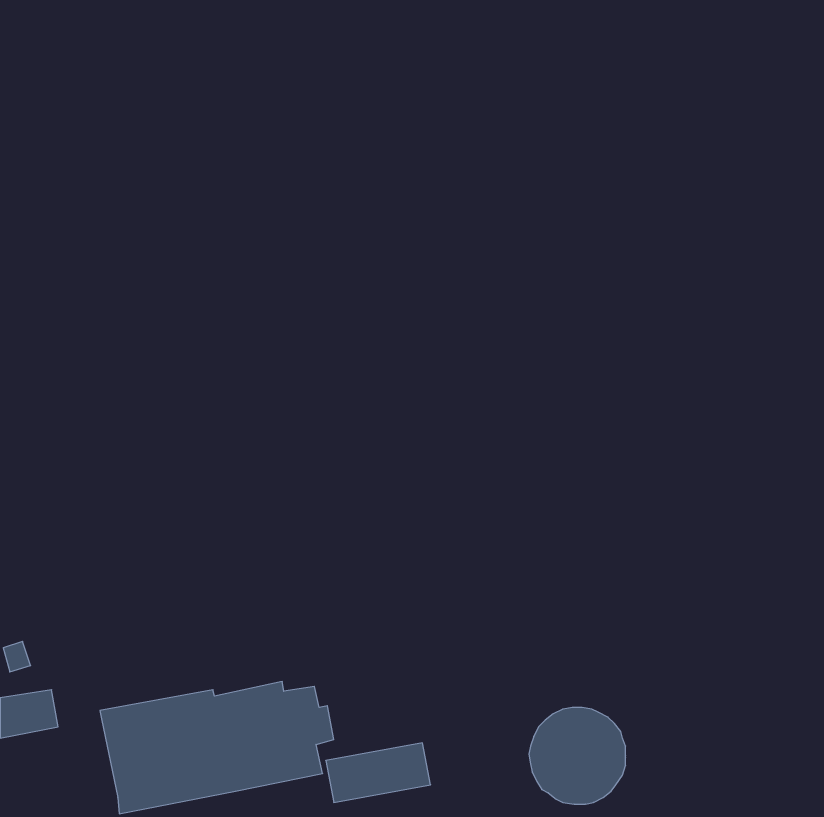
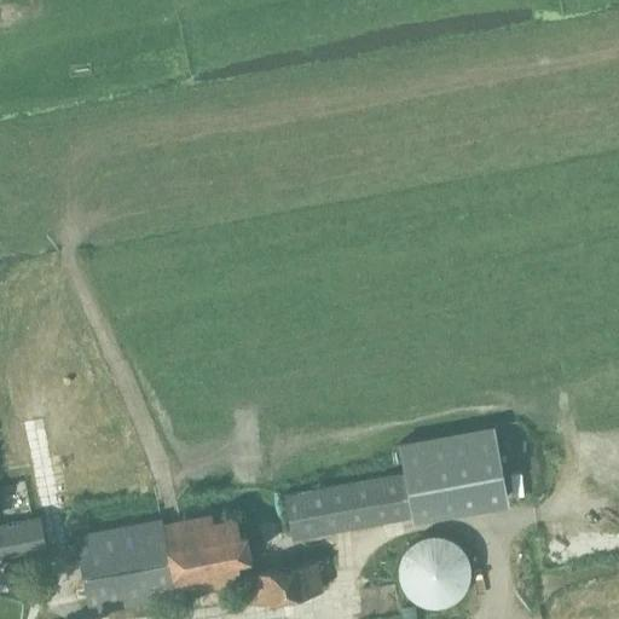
building: none -> [404,422,510,517]
building: none -> [284,476,406,540]

